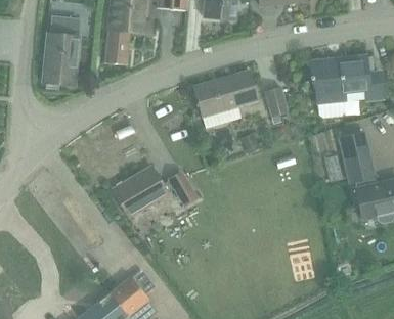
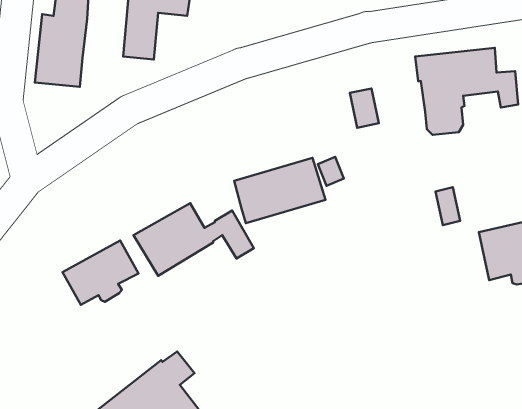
building: [193,71,258,117] -> [234,158,326,223]
building: [338,132,377,185] -> none
building: none -> [62,241,139,305]

